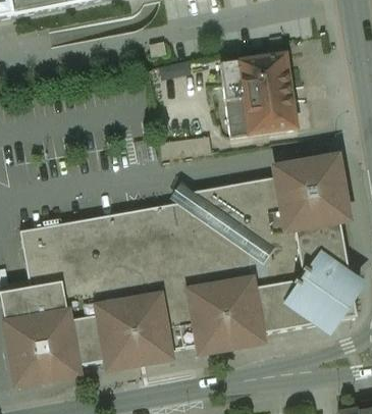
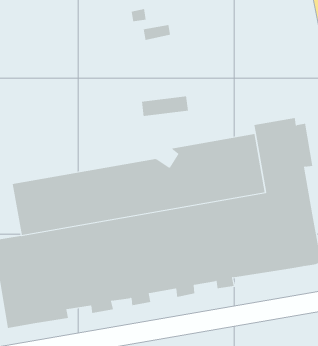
building: [221,52,299,136] -> none

